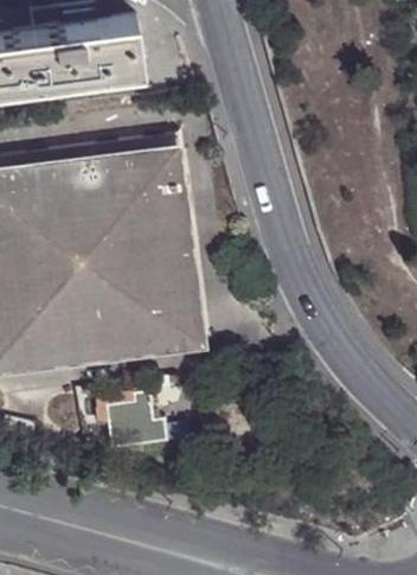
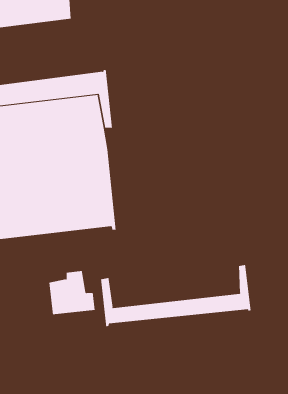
building: none -> [101,264,251,327]

